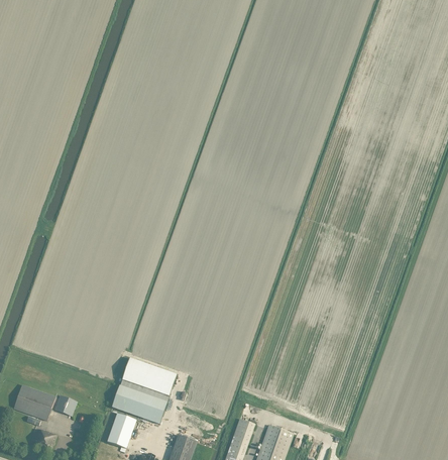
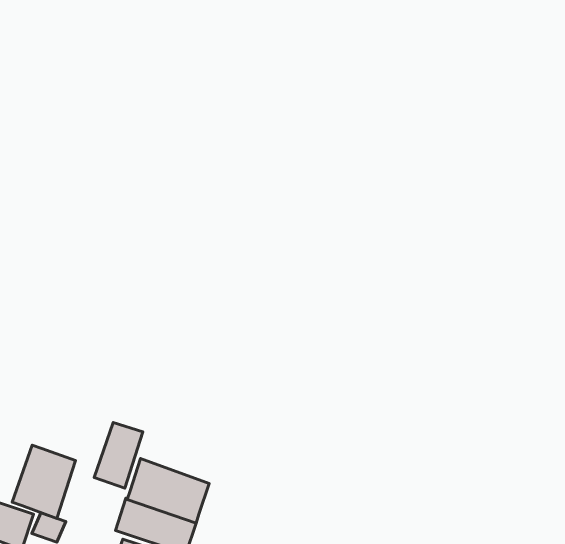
building: none -> [94,422,143,488]
building: none -> [12,445,76,519]

